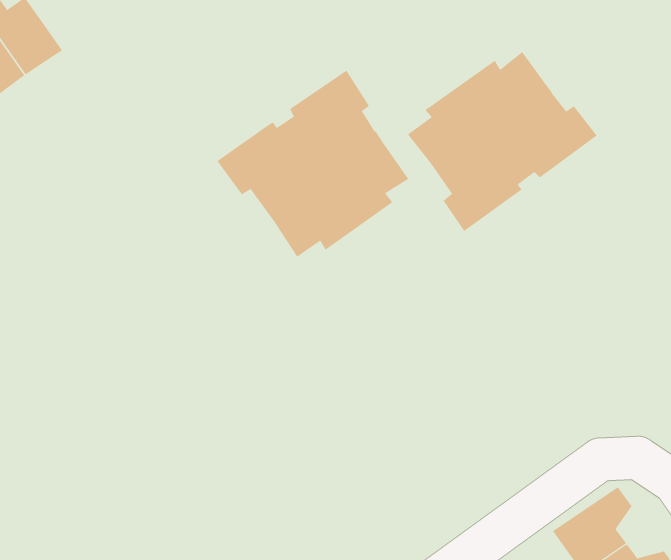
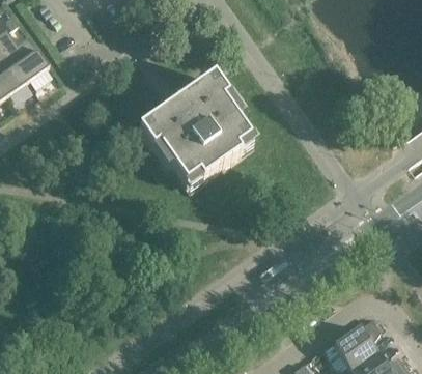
building: [407,51,597,232] -> none

